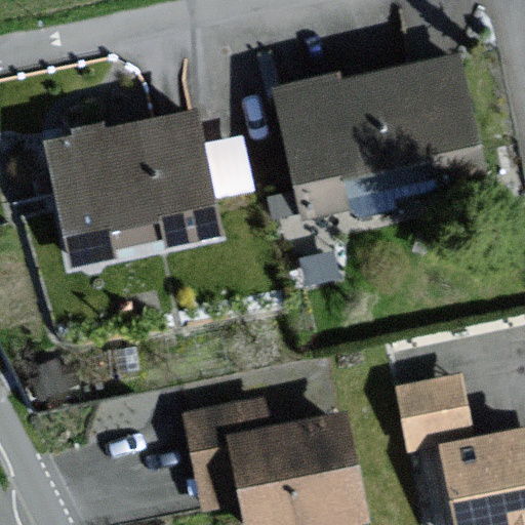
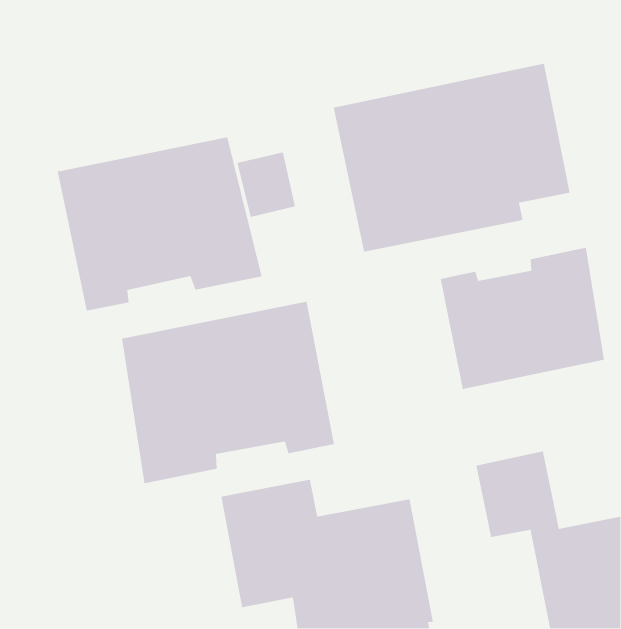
building: none -> [440,247,605,390]
building: none -> [121,301,335,484]

